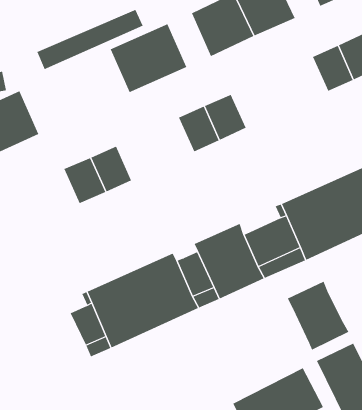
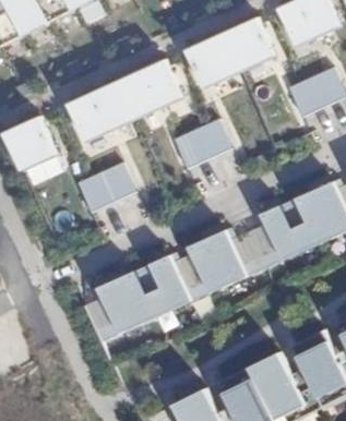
building: none -> [68,81,132,141]
building: [287,281,349,350] -> none

